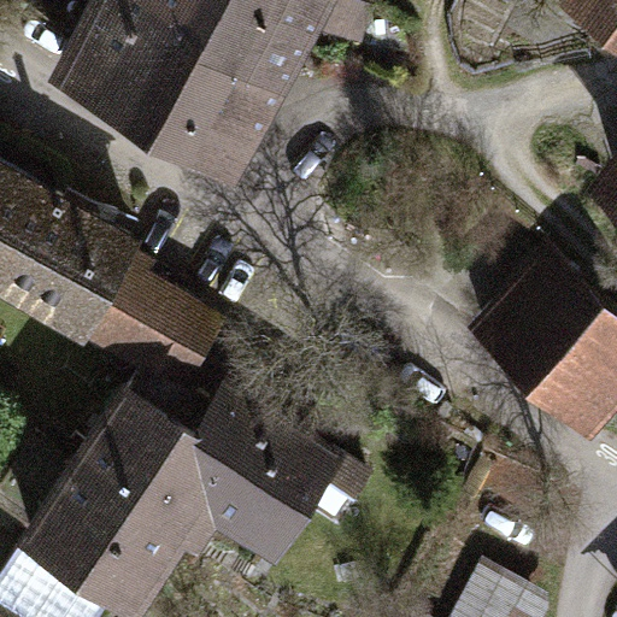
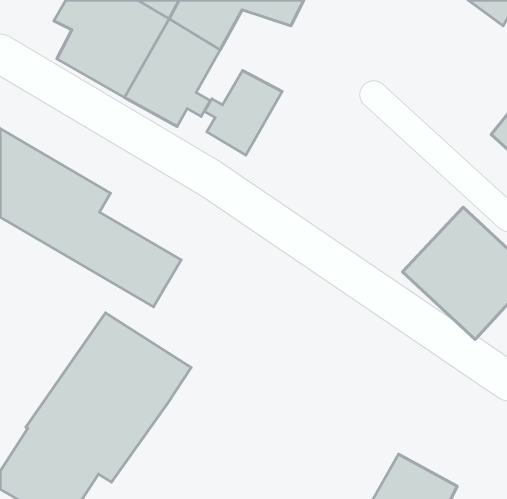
building: none -> [204,70,282,155]
building: [205,405,369,546] -> none

